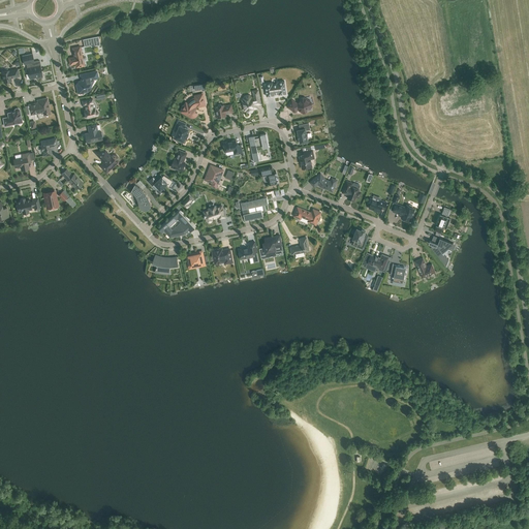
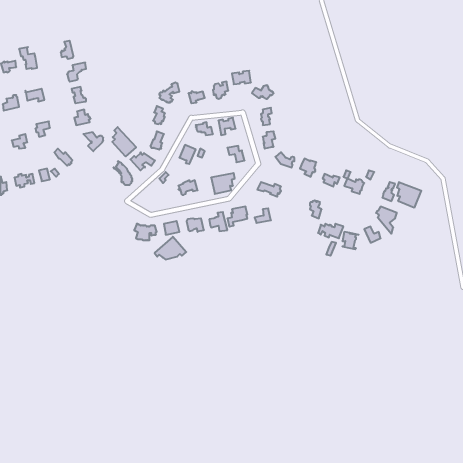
building: none -> [112,127,136,156]
building: none -> [397,182,421,208]
building: [159,211,195,237] -> [155,237,186,259]

